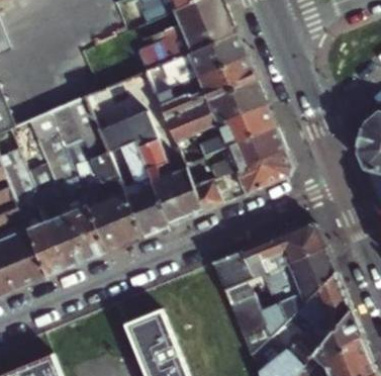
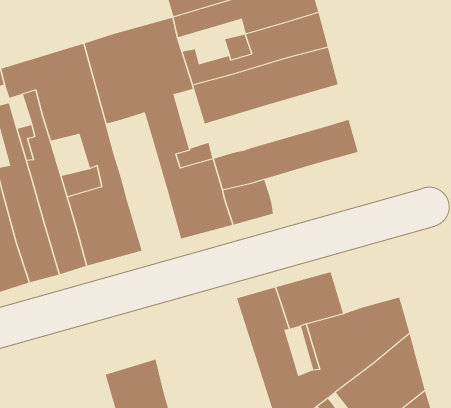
building: [211,105,274,153] -> none
building: [118,140,167,237] -> none
building: [220,151,290,194] -> none
building: [274,222,323,264] -> none

